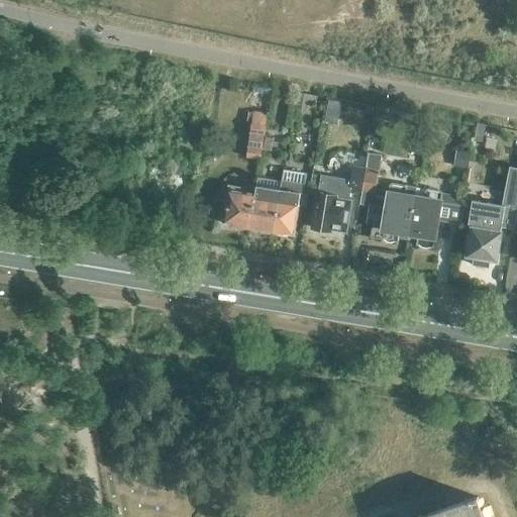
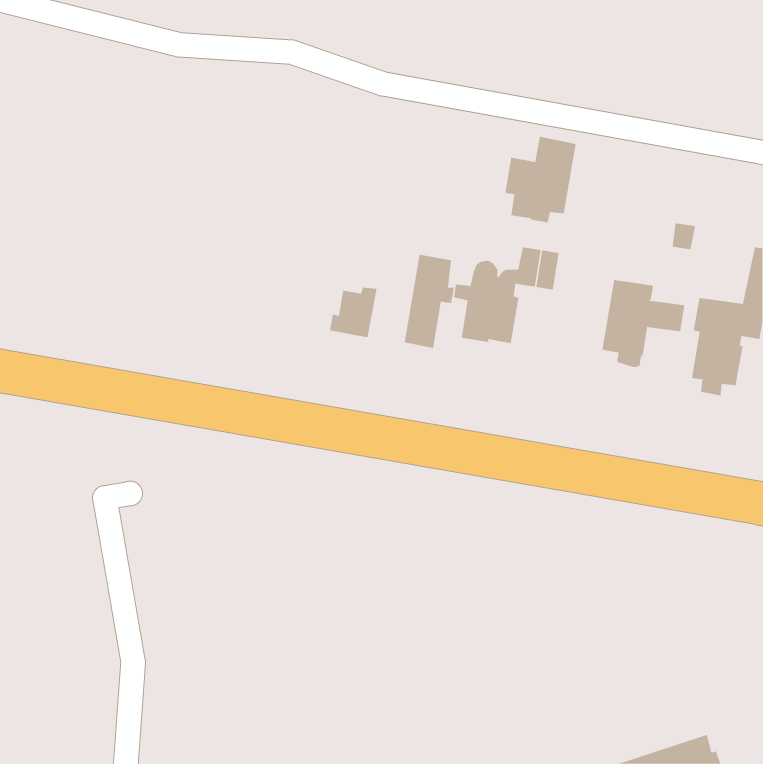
building: [245,109,267,160] -> none
building: [366,184,414,242] -> [505,136,576,223]
building: [248,187,280,231] -> none

